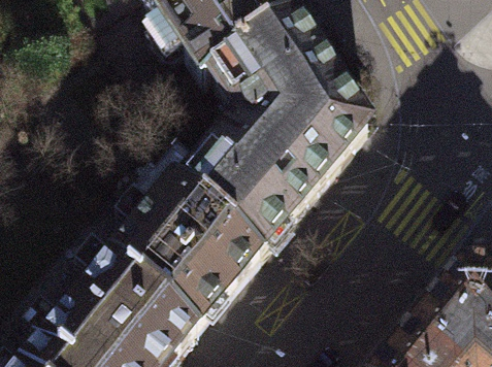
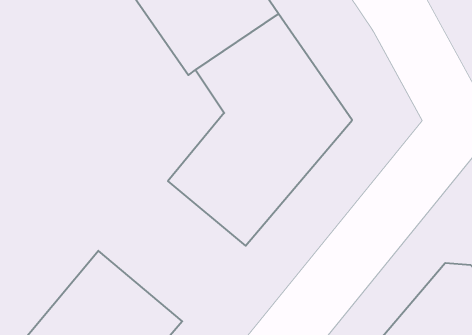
building: [114,189,263,335] -> none

